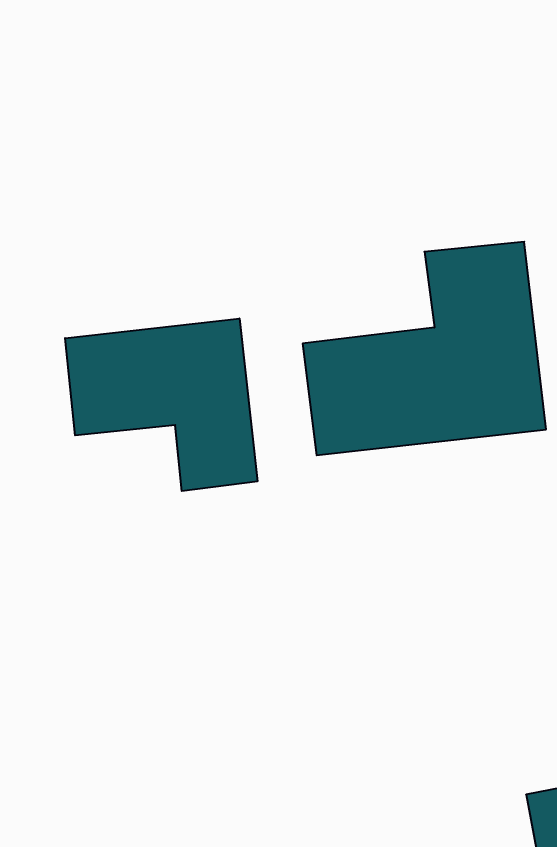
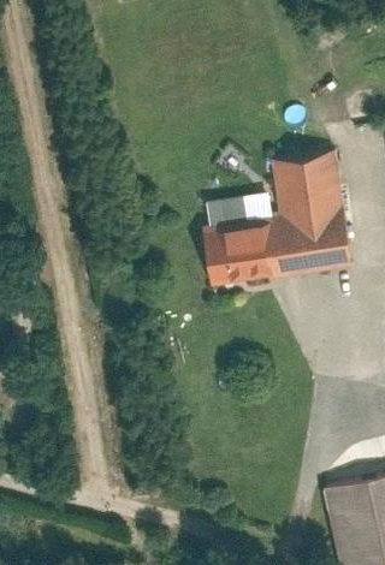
building: [65,318,257,491] -> none

